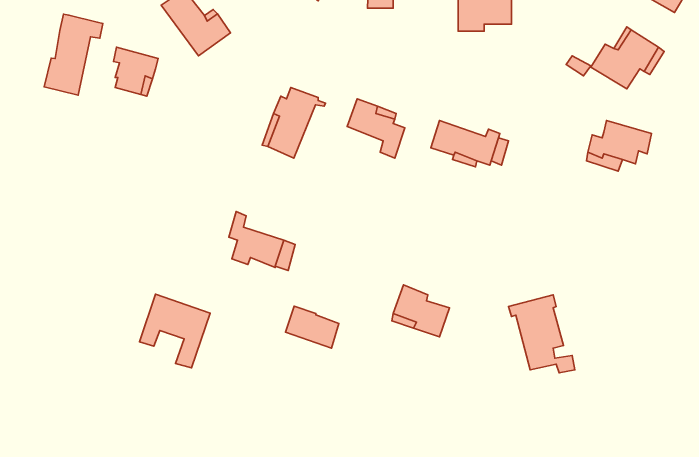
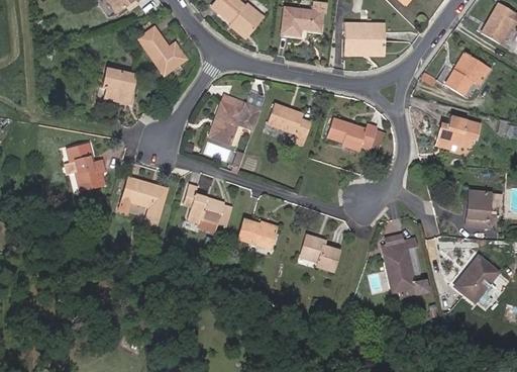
building: [44,14,103,95] -> none
building: none -> [63,146,105,189]
building: none -> [467,193,502,228]
building: [140,294,210,368] -> [117,176,167,227]
building: [285,306,339,348] -> [237,216,275,246]
building: none -> [456,259,500,310]

